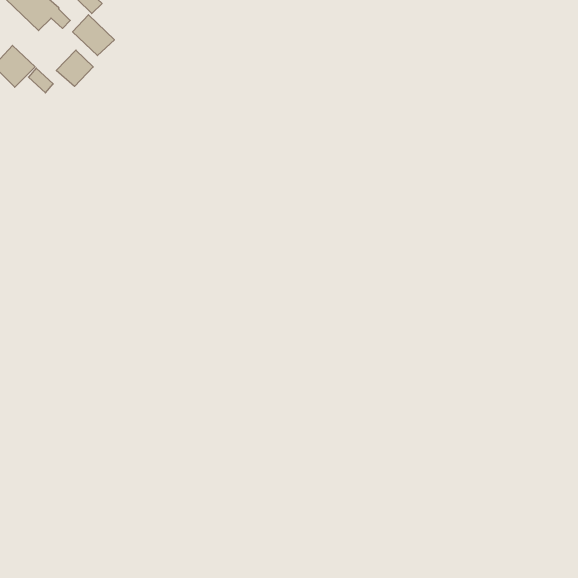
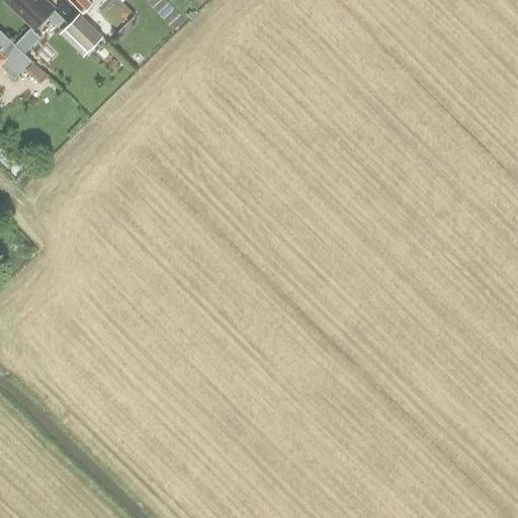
building: [56,50,93,86] -> none

